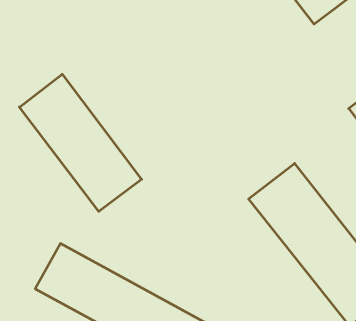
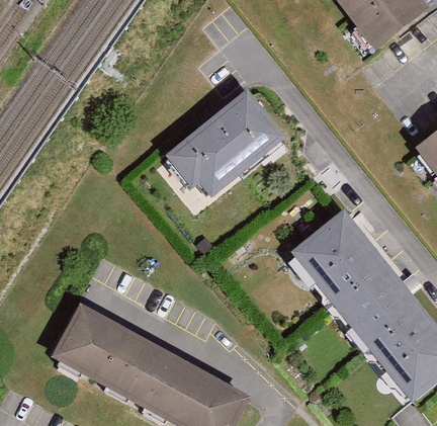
building: none -> [173,92,290,200]
building: [19,74,142,211] -> none

